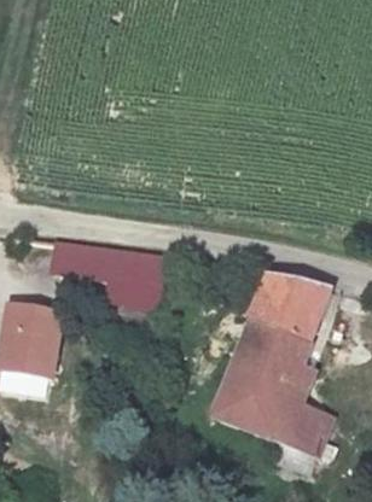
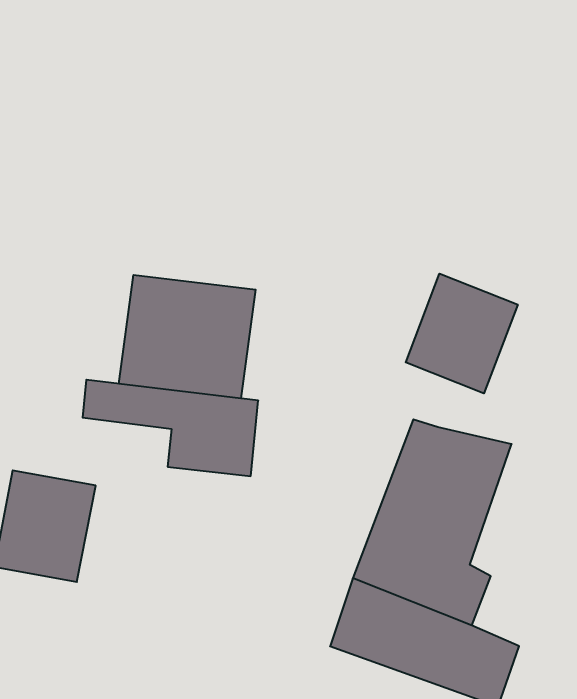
building: none -> [406,274,518,393]
building: none -> [119,275,256,398]

